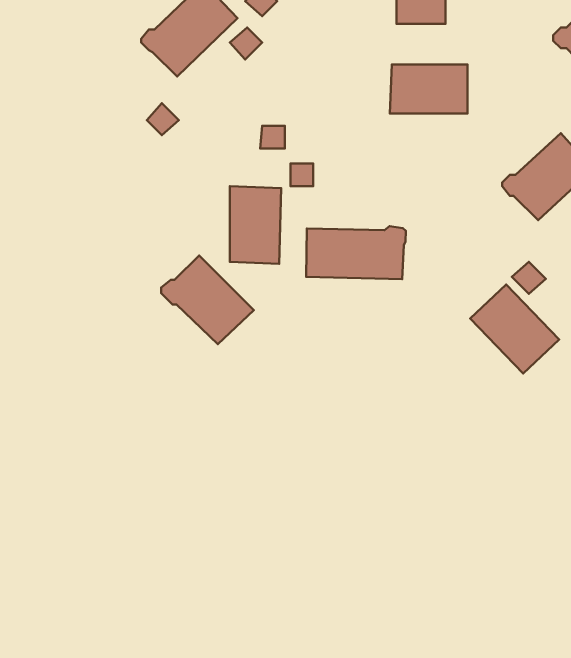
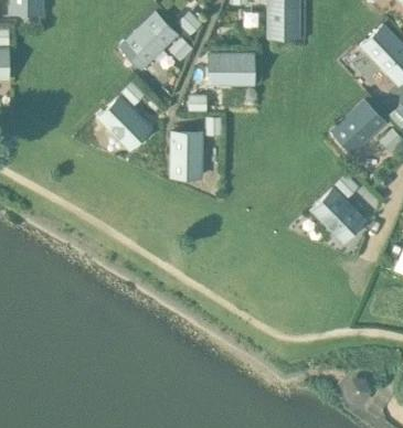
building: [390,64,467,114] -> [209,54,254,83]
building: [306,226,406,279] -> none
building: [161,255,254,344] -> [97,96,151,148]

